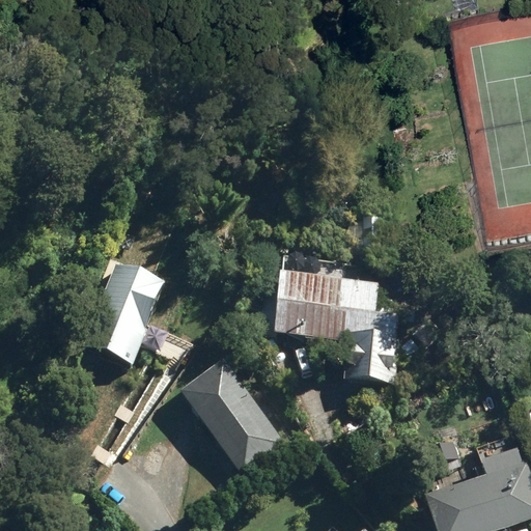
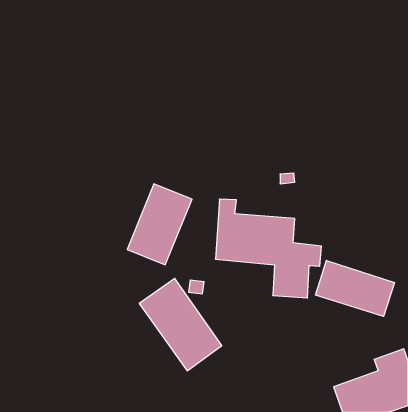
building: [85,258,168,362] -> [127,184,192,265]
building: none -> [315,260,395,316]

